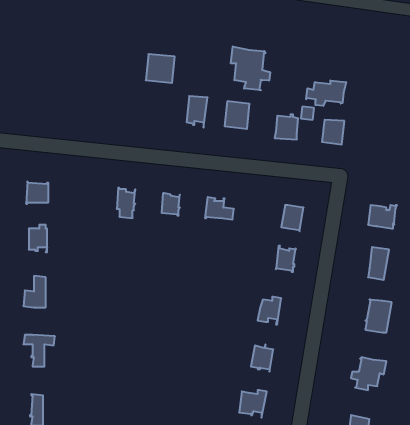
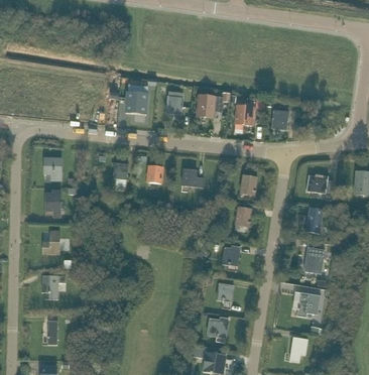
building: [231,46,270,90] -> none
building: [146,54,175,83] -> [126,92,148,114]
building: [306,80,346,106] -> none

